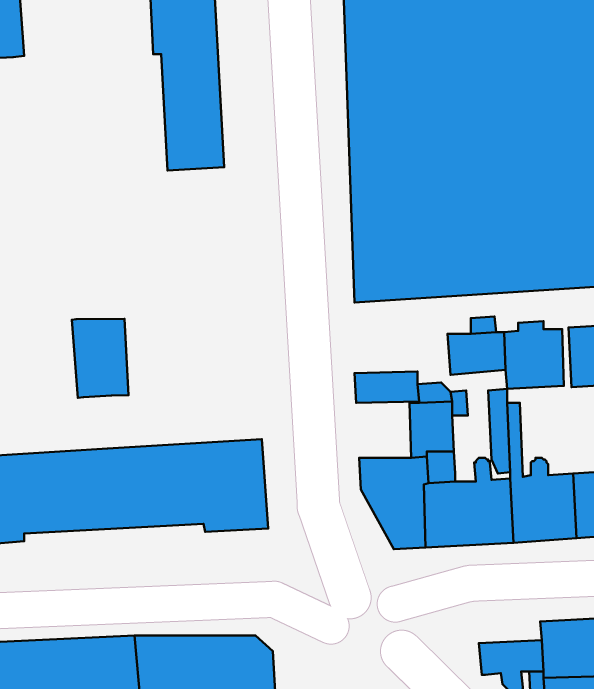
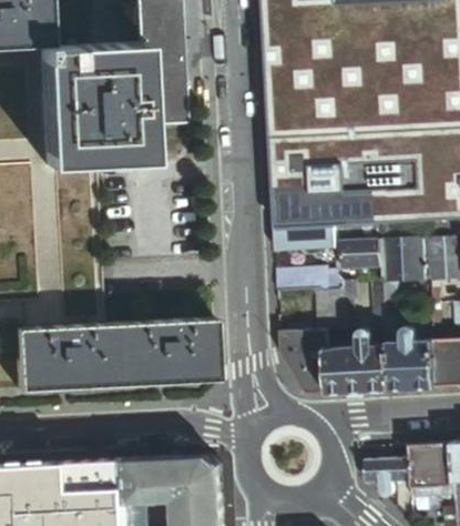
building: none -> [39,45,147,170]
building: none -> [277,226,338,252]
building: [72,319,129,398] -> none

